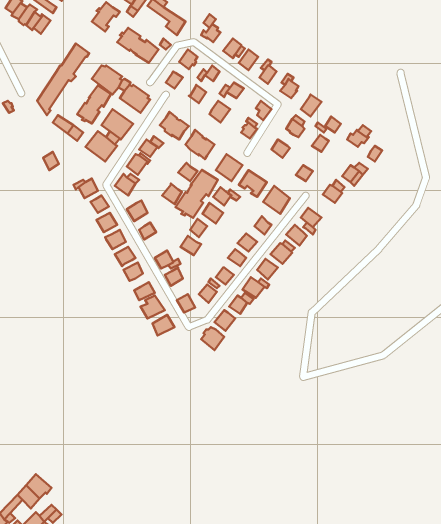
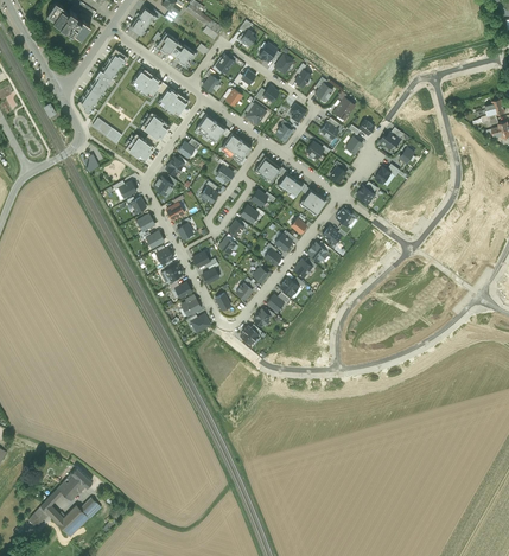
building: [77,86,111,123] -> none
building: [175,170,218,218] -> none

